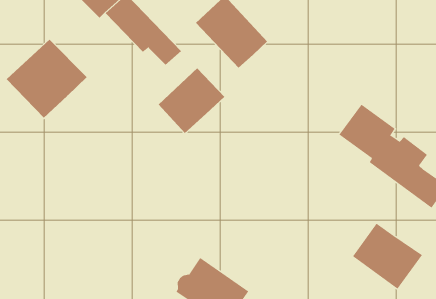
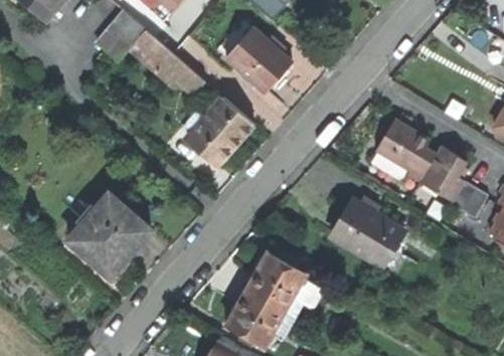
building: [6,39,87,119] -> [66,194,149,276]
building: none -> [245,250,306,318]
building: [352,223,423,289] -> [327,204,398,270]

